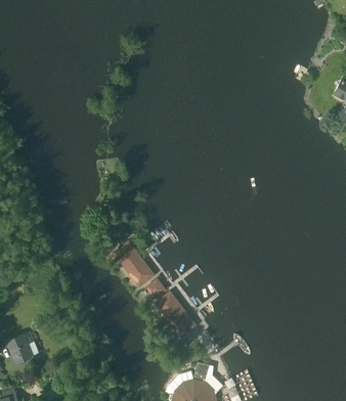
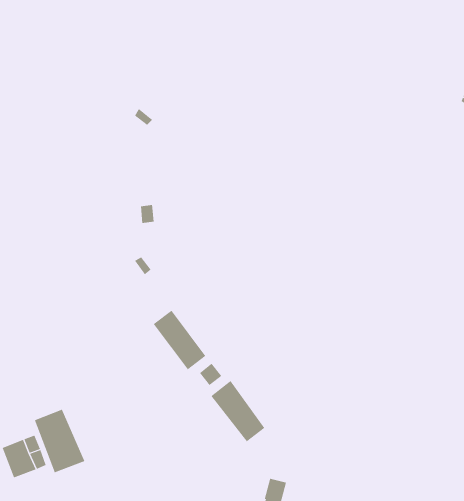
building: none -> [34,409,85,473]

